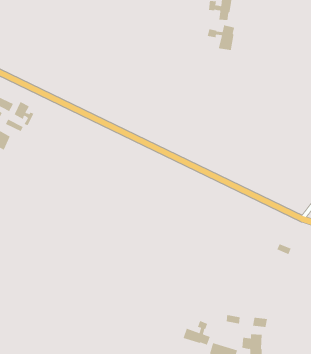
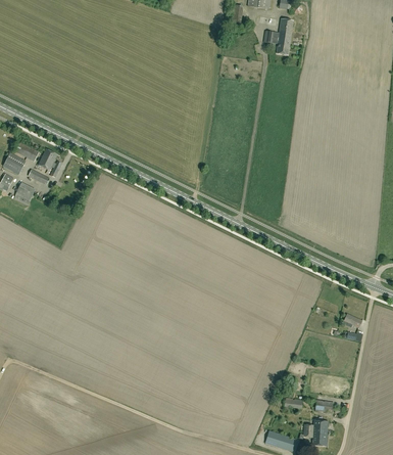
building: [207,25,235,51] -> none
building: [183,320,211,346] -> none

